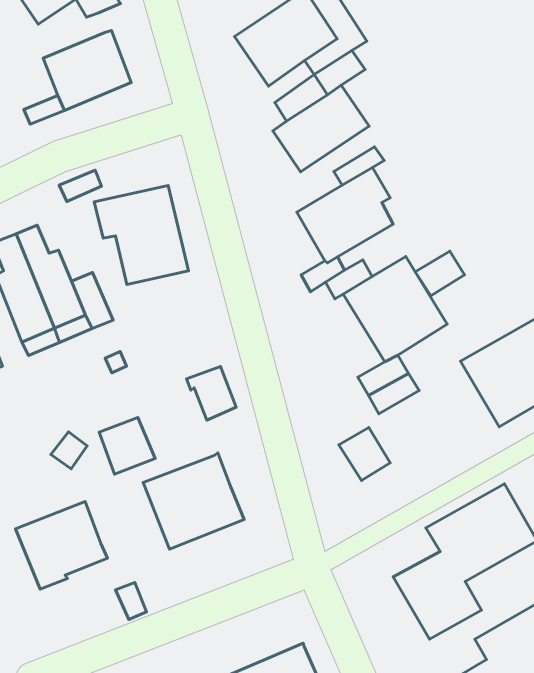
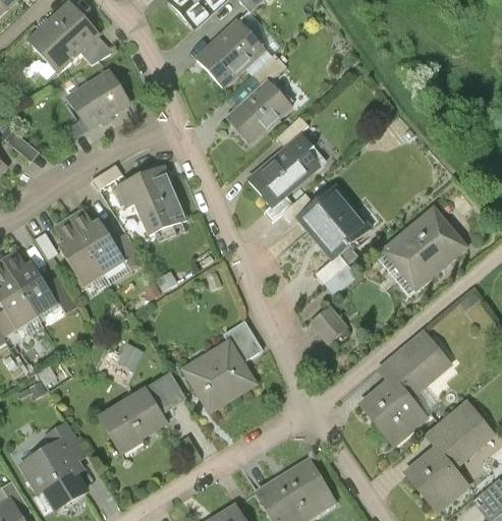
building: [415,251,464,296] -> none
building: [187,366,236,420] -> [223,324,260,361]
building: [99,418,155,474] -> [146,374,186,415]

